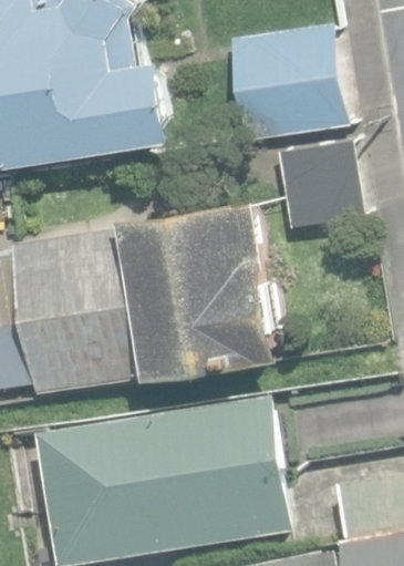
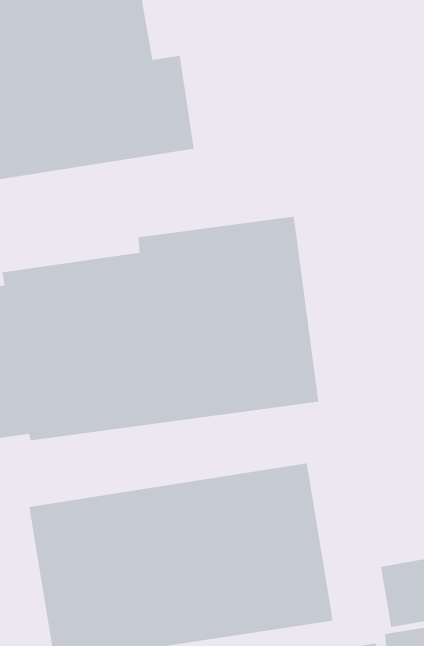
building: [228,20,348,143] -> none
building: [273,133,364,226] -> none

